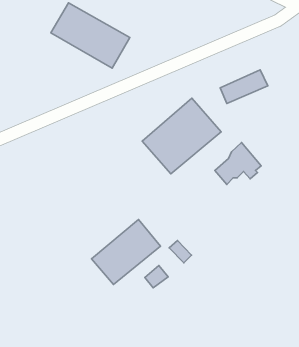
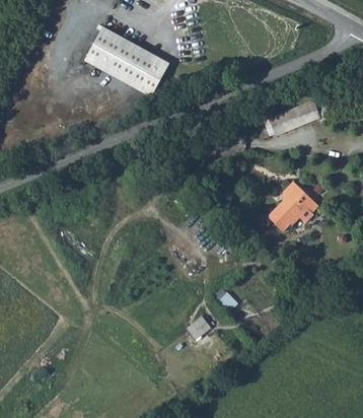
building: [142,98,221,174] -> none
building: [91,219,161,284] -> none

